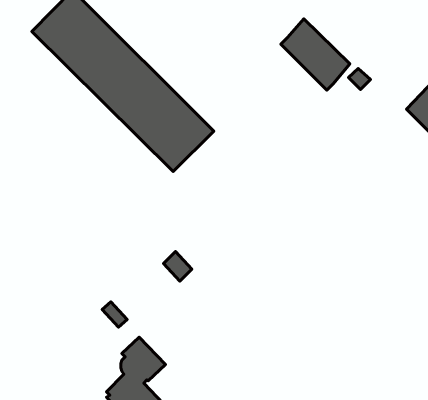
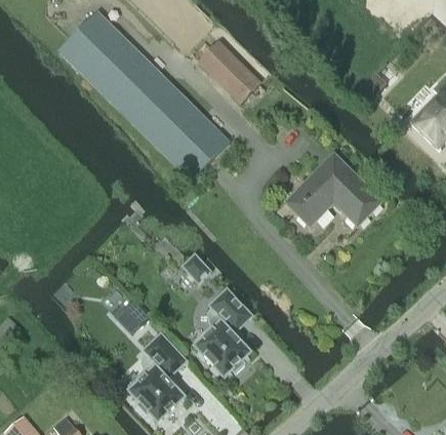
building: [281,19,350,90] -> [196,38,260,105]
building: none -> [285,154,381,227]
building: none -> [195,289,251,377]

